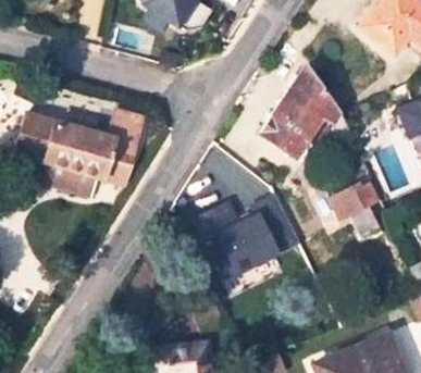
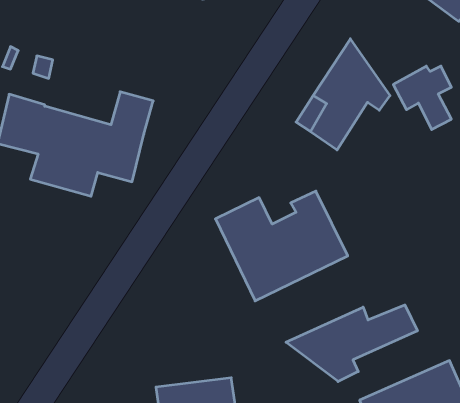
building: [332,183,380,235] -> [393,66,451,130]
building: none -> [286,305,417,382]

